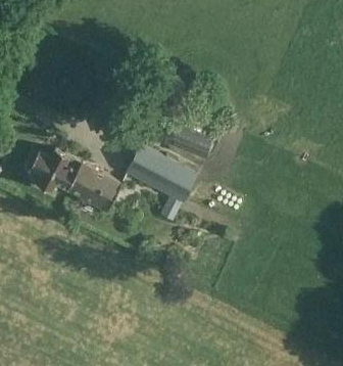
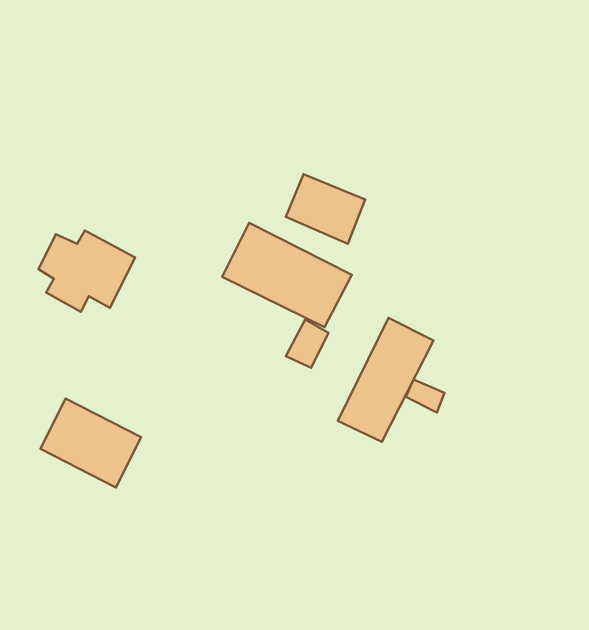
building: [67,164,120,211] -> [41,399,141,488]
building: none -> [338,318,433,442]

